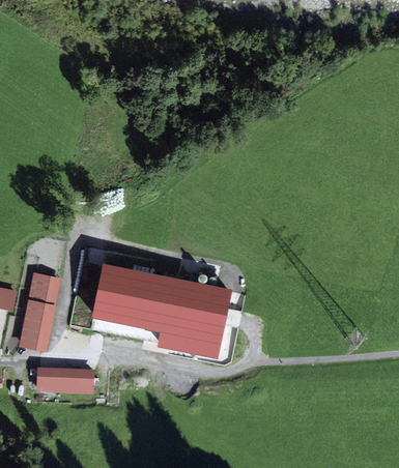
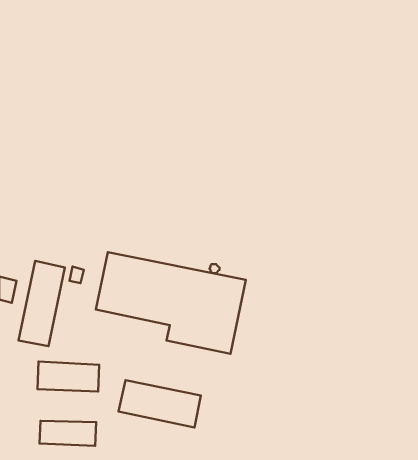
building: none -> [118,380,201,427]
building: none -> [40,421,96,446]

